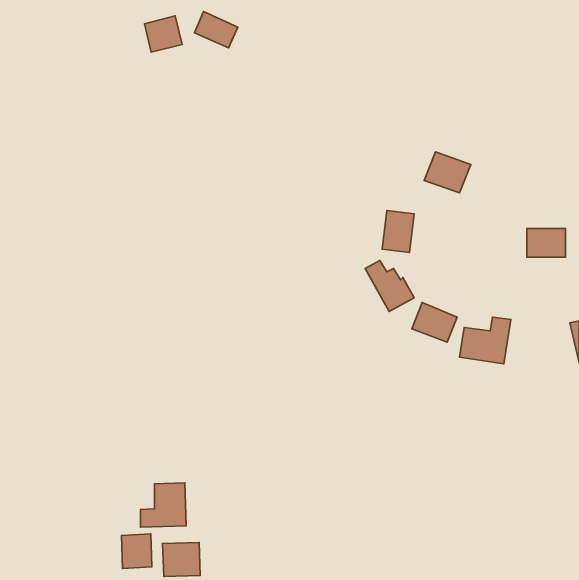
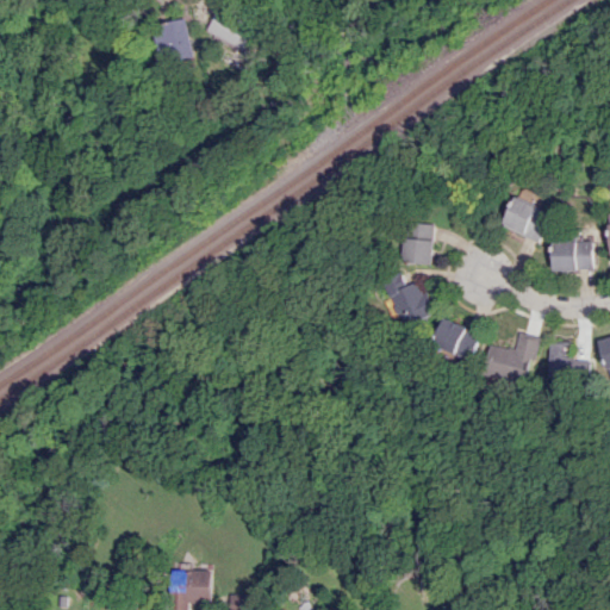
building: [424,152,471,193] -> [500,198,549,241]
building: none -> [546,343,586,381]
building: [141,483,186,527] -> none
building: [122,534,152,568] -> none

